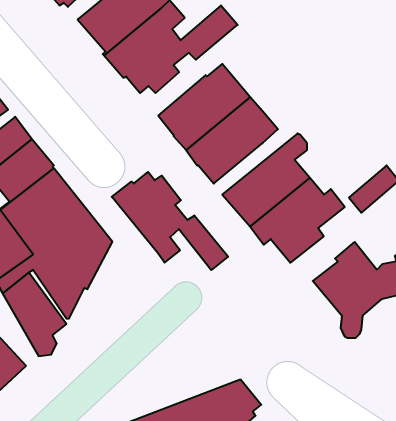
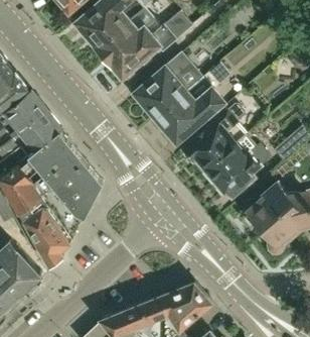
building: [112,172,228,270] -> none

